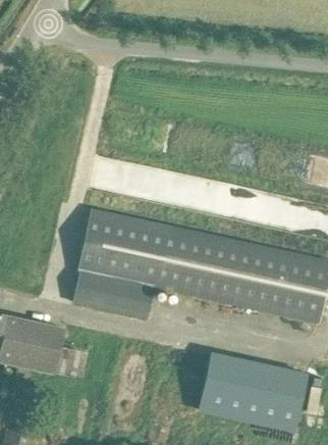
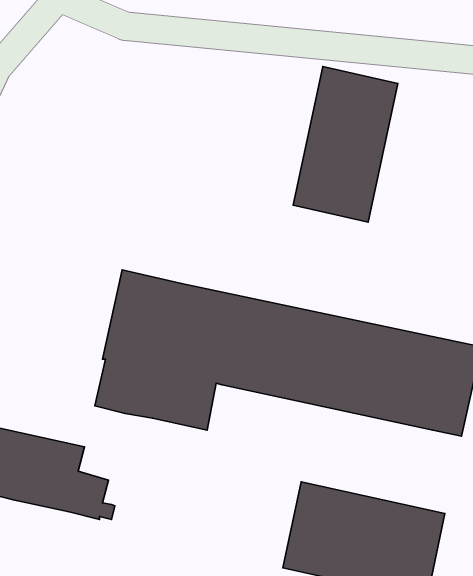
building: none -> [293,67,398,222]

